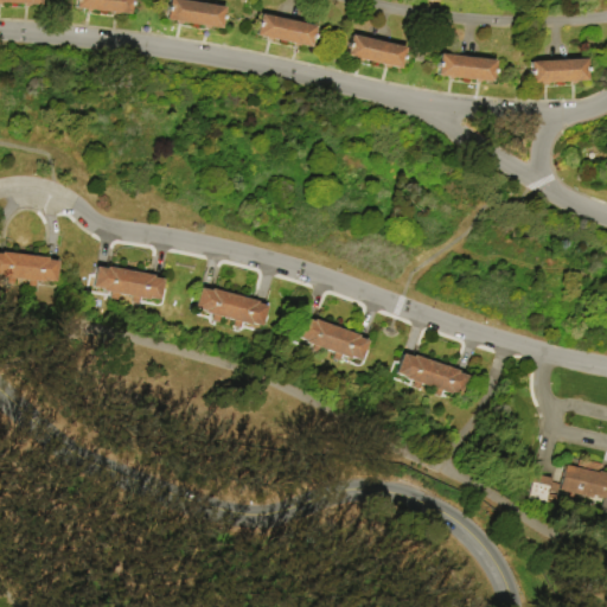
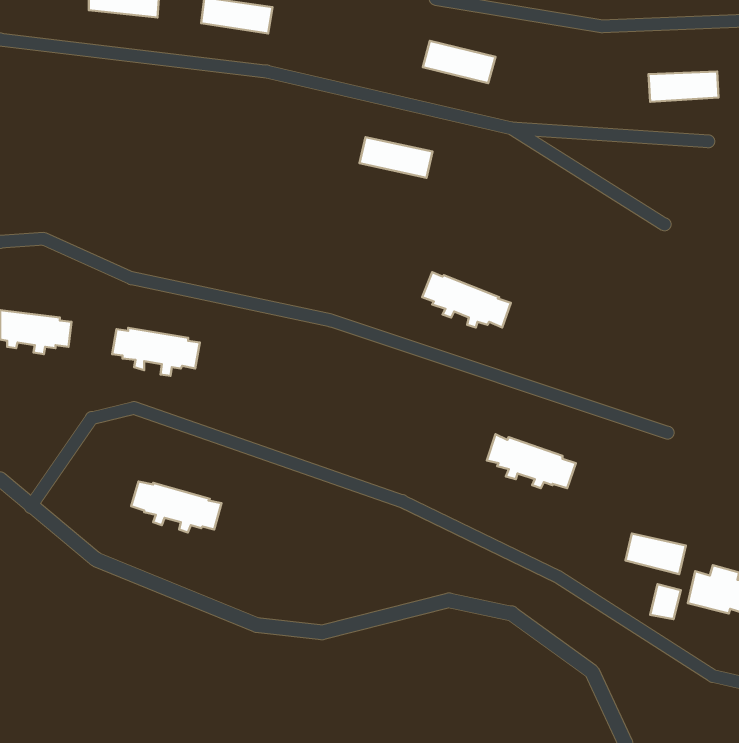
building: [258,13,318,46] -> [360,137,432,178]
building: [440,53,497,81] -> none
building: [198,288,271,330] -> [131,481,222,532]
building: [300,317,372,362] -> [422,272,511,328]
building: none -> [625,534,686,574]

